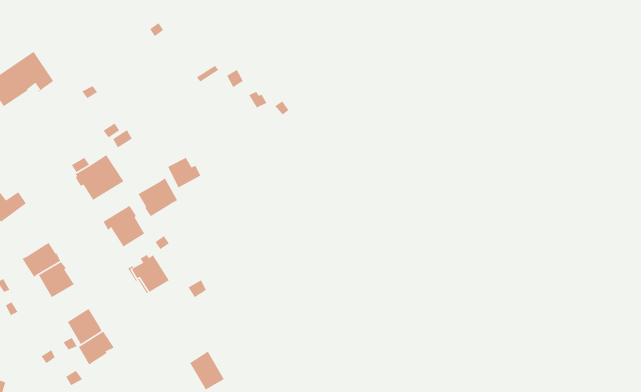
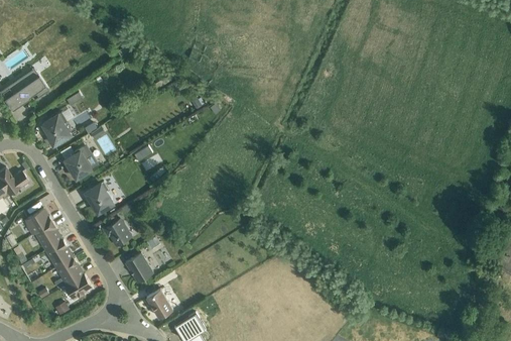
building: none -> [40,108,74,145]
building: [137,177,178,217] -> none
building: none -> [45,239,73,267]
building: none -> [125,253,153,283]

